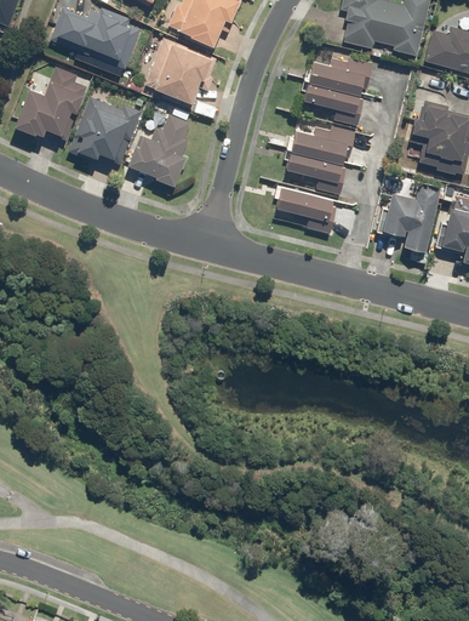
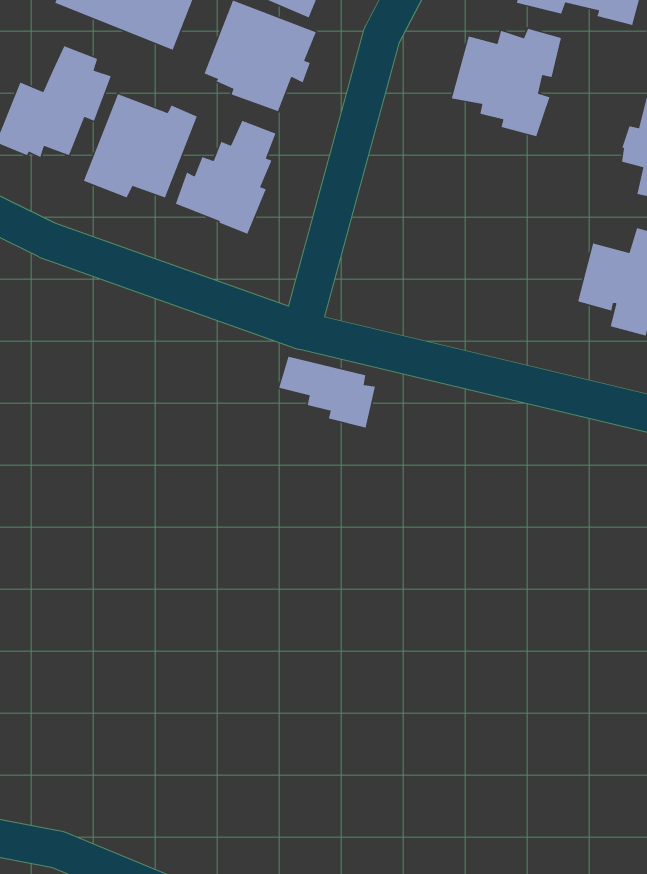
building: [284,125,355,194] -> none
building: [274,187,336,233] -> [278,356,376,428]

